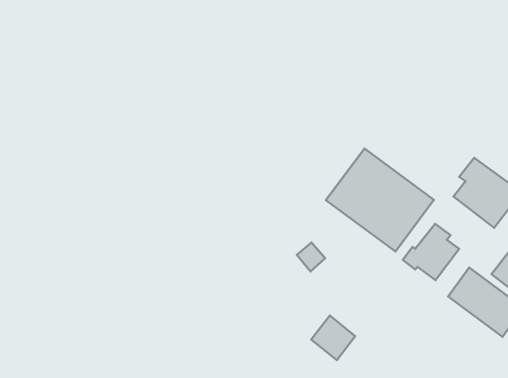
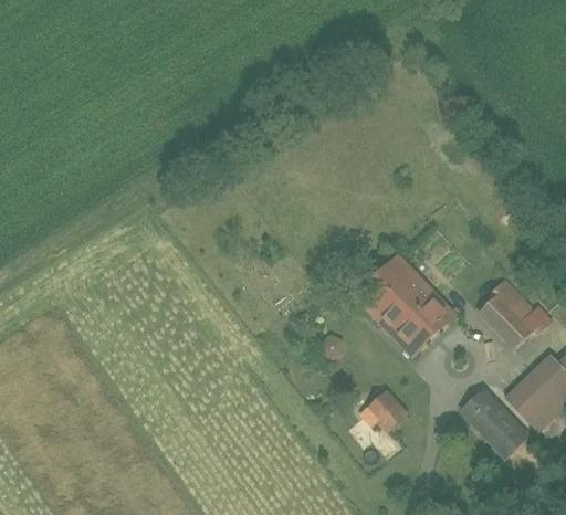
building: [403,224,459,280] -> none
building: [311,316,355,360] -> [365,389,409,434]

